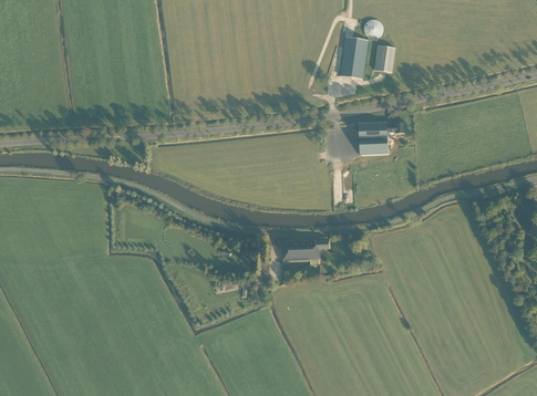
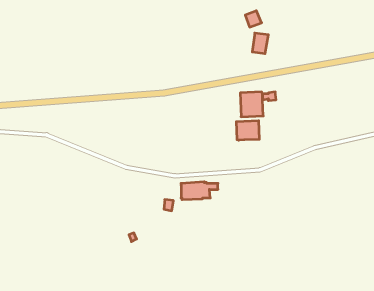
building: [339,37,366,80] -> none
building: none -> [236,121,259,140]

